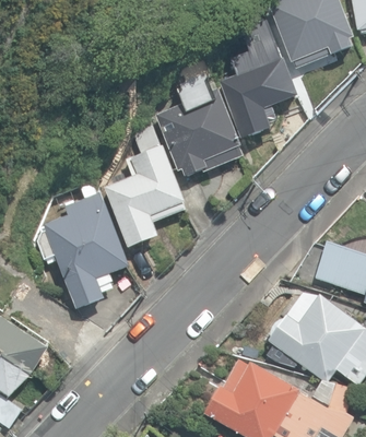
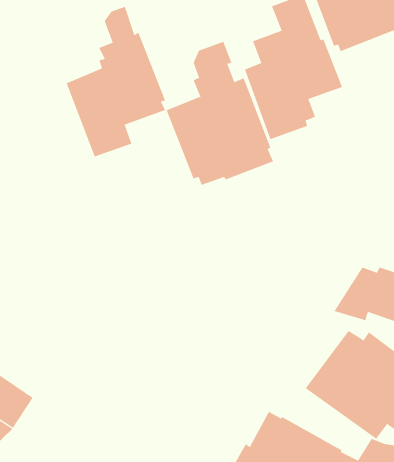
building: [104,123,185,246] -> [66,6,166,157]
building: [36,190,129,308] -> none

